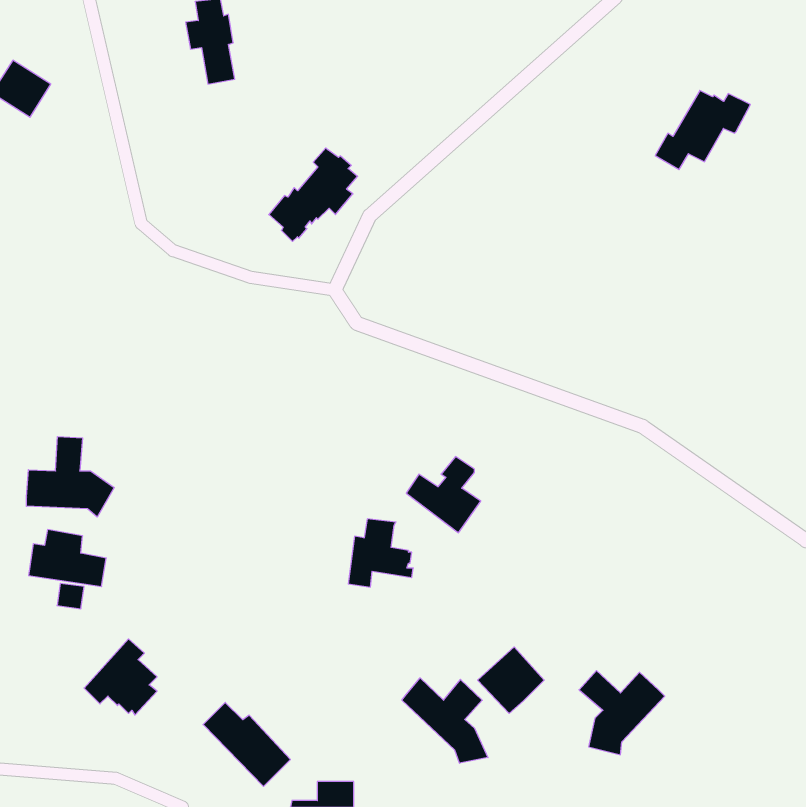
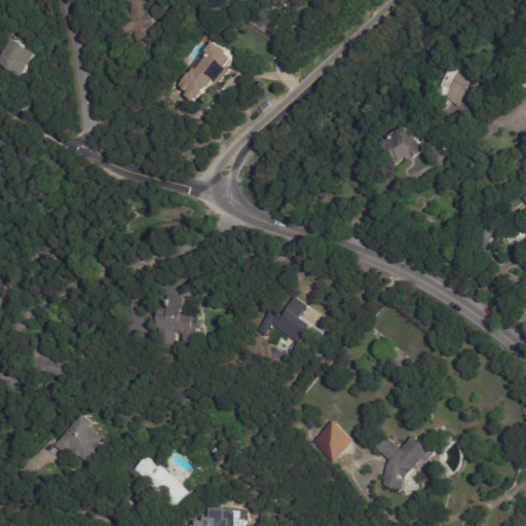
building: [269,148,358,241] -> [177,42,234,103]
building: none -> [380,125,423,164]
building: [26,437,114,517] -> none
building: [348,519,413,587] -> [153,295,195,339]
building: [402,678,488,763] -> none

